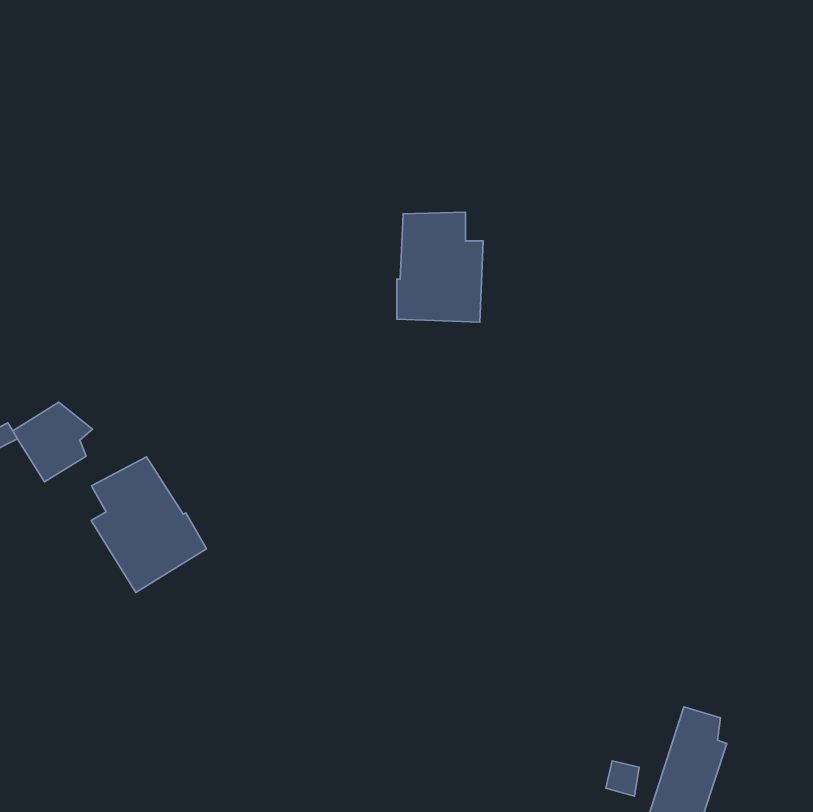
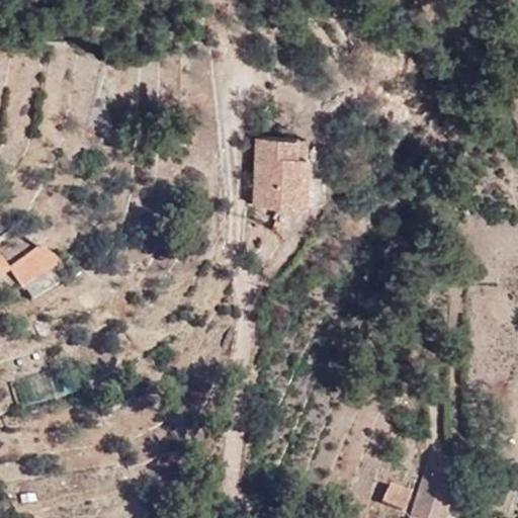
building: [91,457,206,593] -> none

